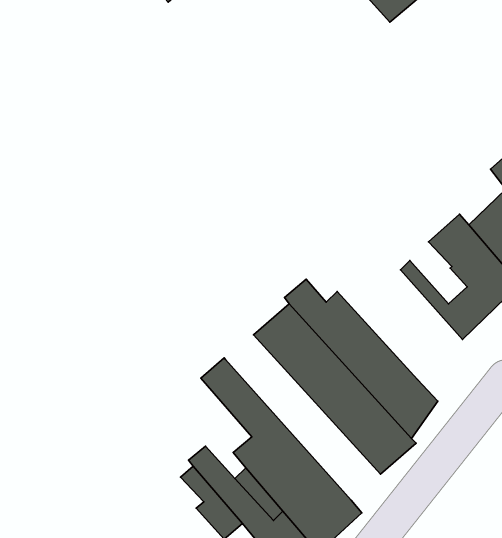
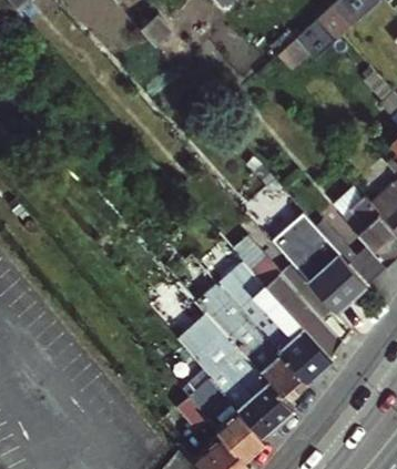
building: none -> [275,221,365,314]
building: none -> [195,282,306,400]

